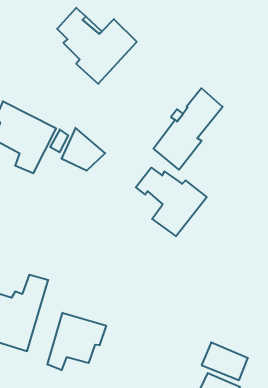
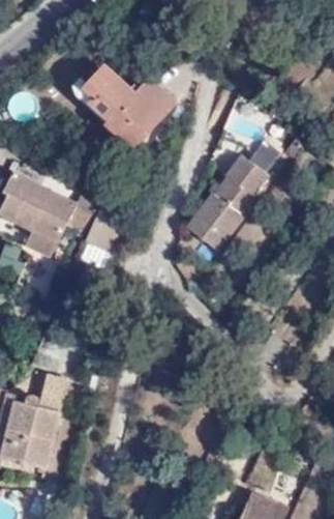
building: [136,168,207,236] -> none
building: [47,313,106,370] -> none

